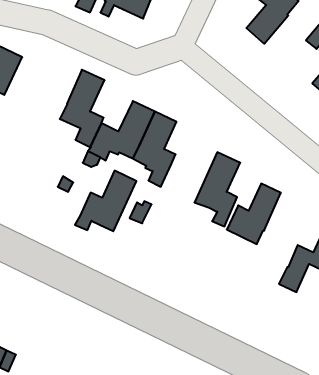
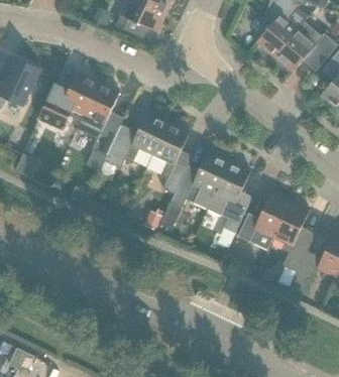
building: none -> [274,29,323,72]
building: none -> [38,72,98,130]
building: [75,171,136,231] -> [170,151,229,210]
building: none -> [274,201,312,272]

